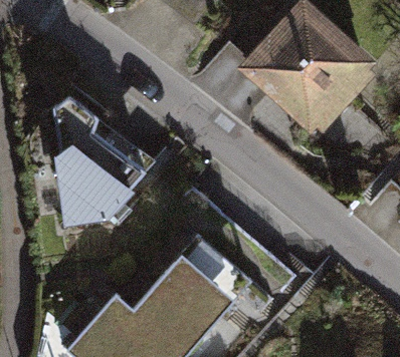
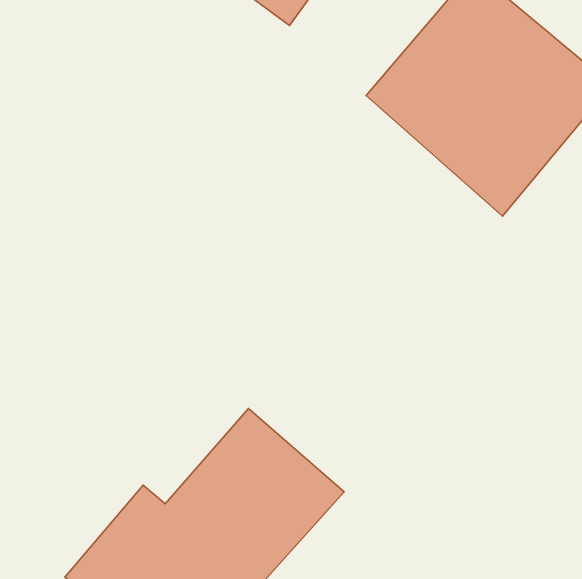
building: [60,96,155,230] -> none

